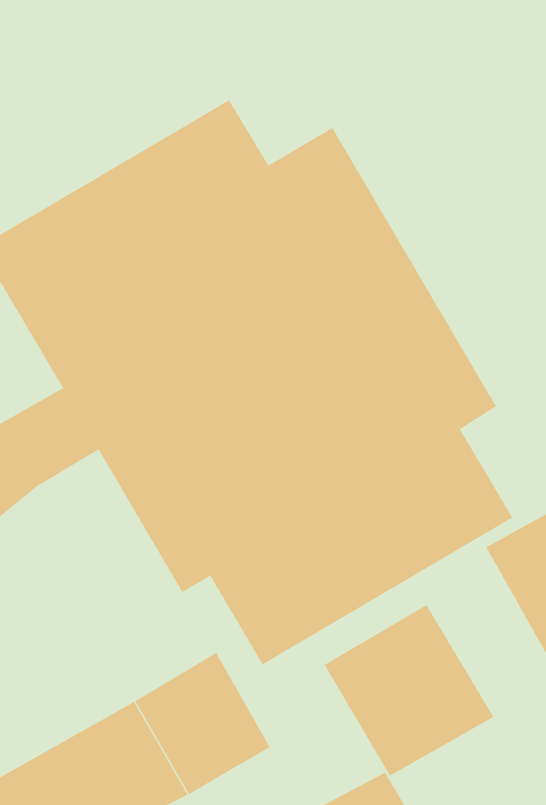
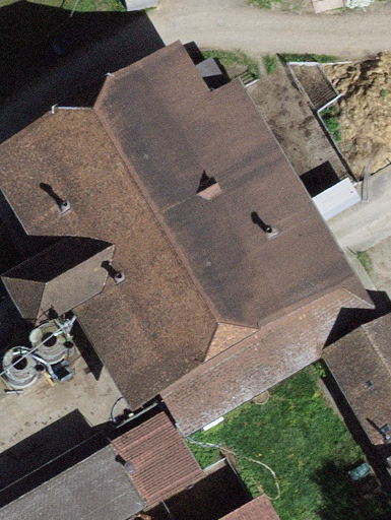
building: [324,604,494,776] -> none

